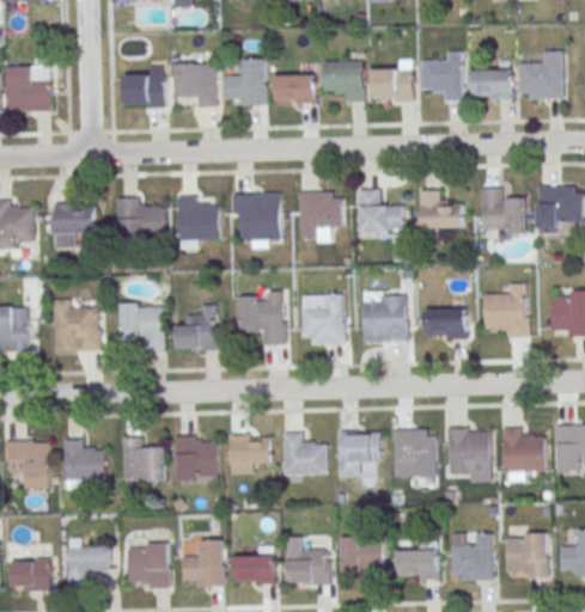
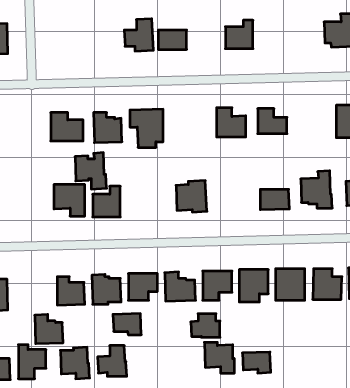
building: [420,50,462,100] -> none
building: [322,60,366,102] -> none
building: [172,61,217,106] -> none
building: [124,66,165,108] -> none
building: [470,69,511,99] -> none
building: [481,186,525,233] -> none
building: [297,190,340,241] -> none
building: [53,203,95,246] -> none
building: [239,290,286,344] -> [75,153,107,189]
building: [362,294,408,341] -> none
building: [53,299,100,351] -> none
building: [65,437,106,481] -> [35,314,63,344]
building: [506,532,549,579] -> none
building: [451,533,494,580] -> none
building: [288,549,331,583] -> [191,314,220,337]
building: [234,555,276,586] -> [113,314,141,335]

